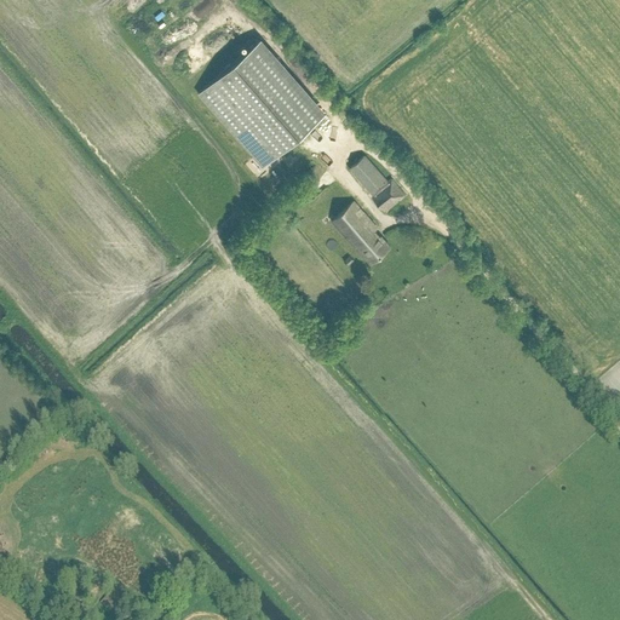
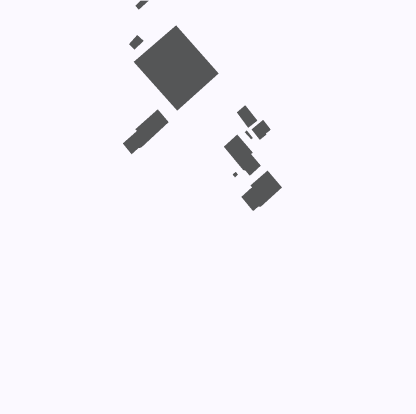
building: none -> [122,108,170,155]
building: none -> [240,169,283,212]

